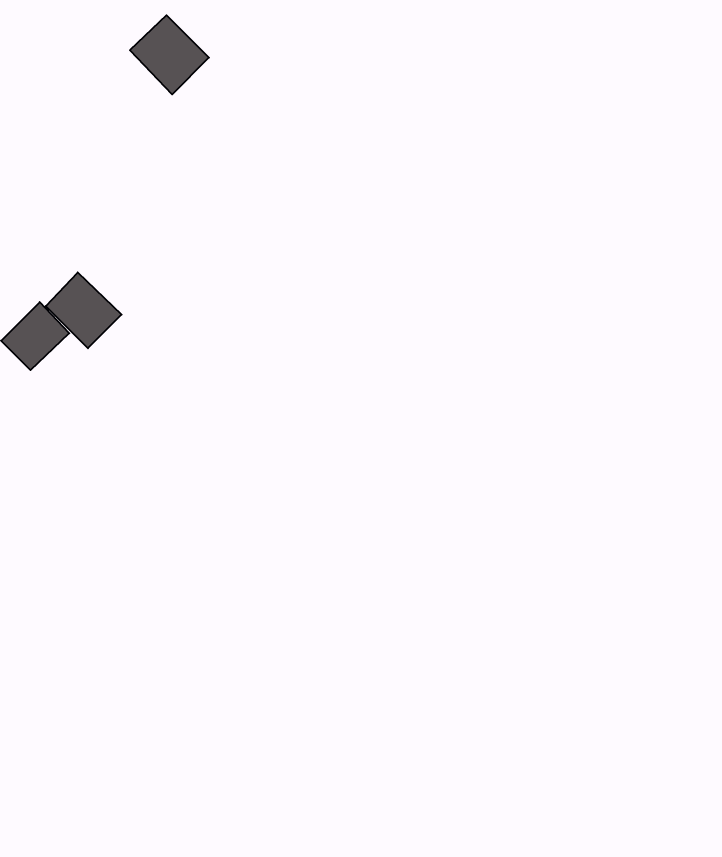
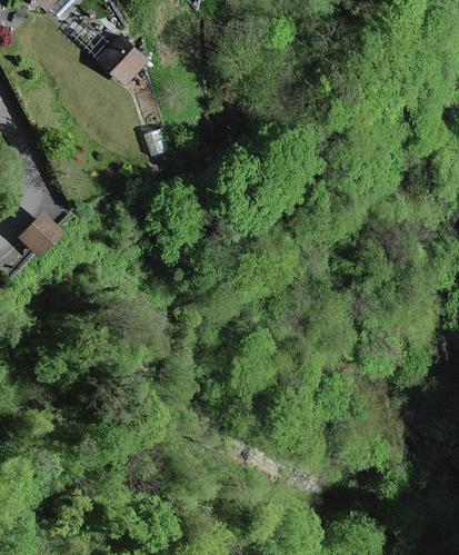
building: [46,272,122,348] -> none

